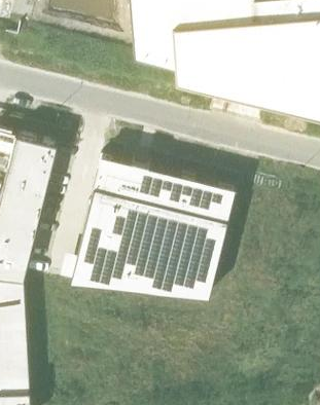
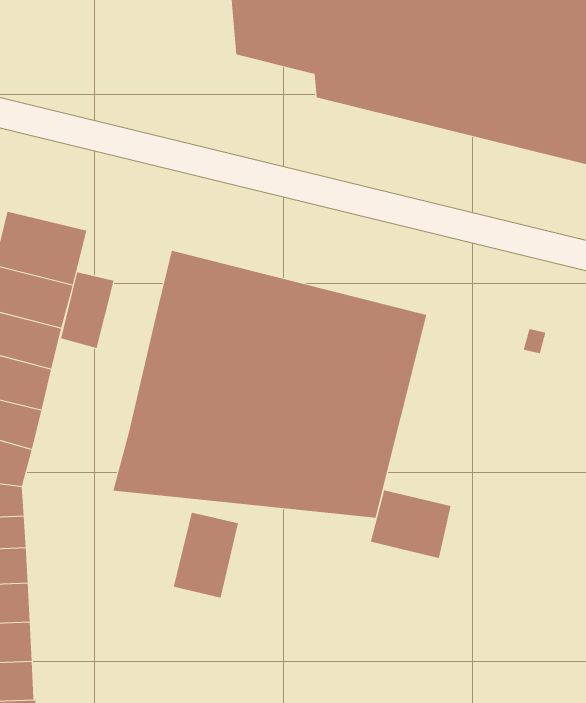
building: none -> [61,272,114,349]
building: none -> [370,490,451,559]
building: none -> [173,512,239,598]

